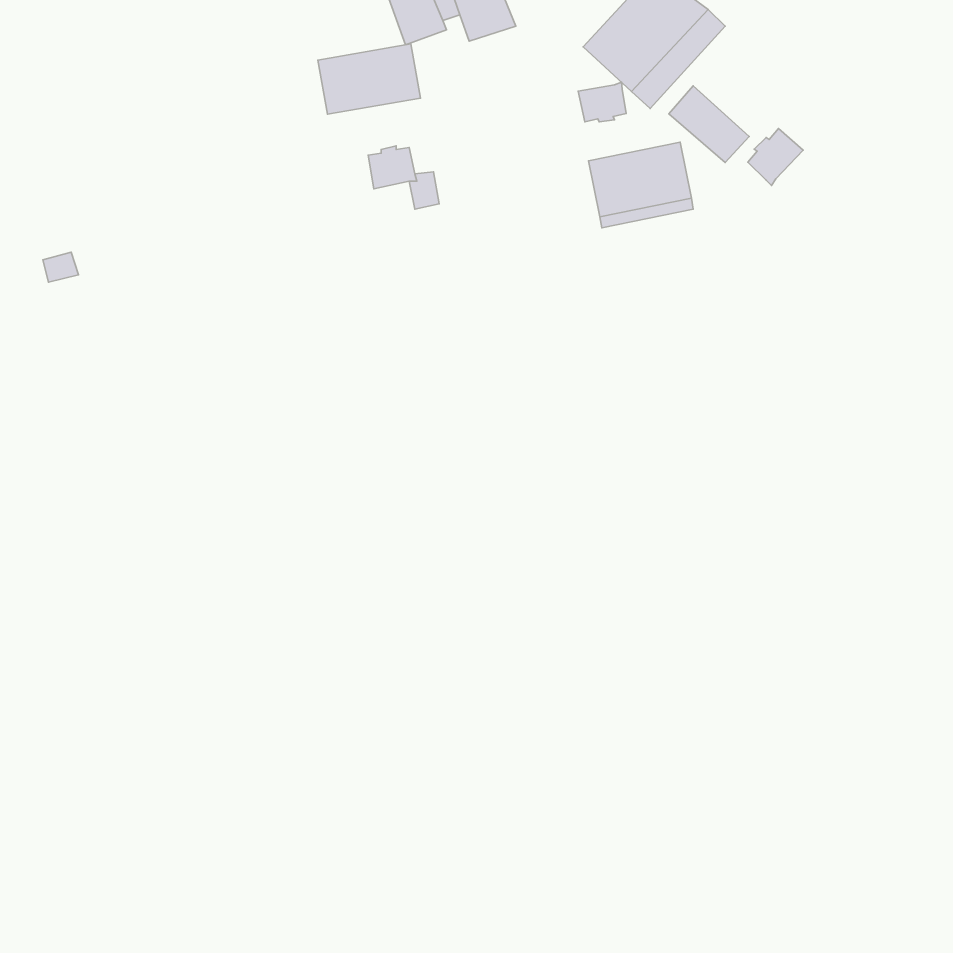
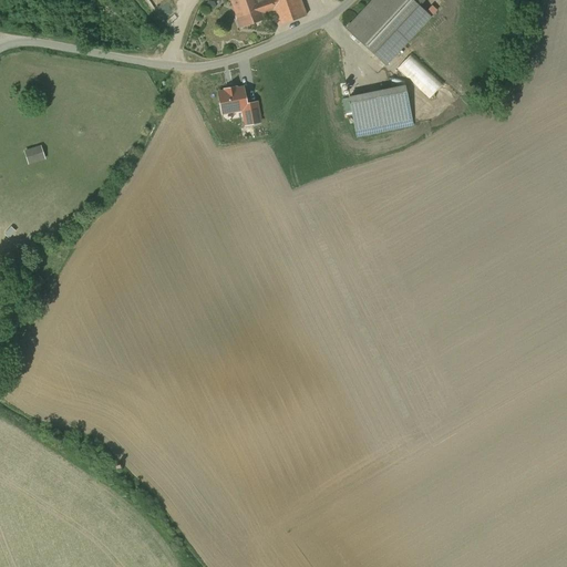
building: [318,44,420,114] -> none
building: [578,82,626,122] -> none
building: [748,128,803,186] -> none

